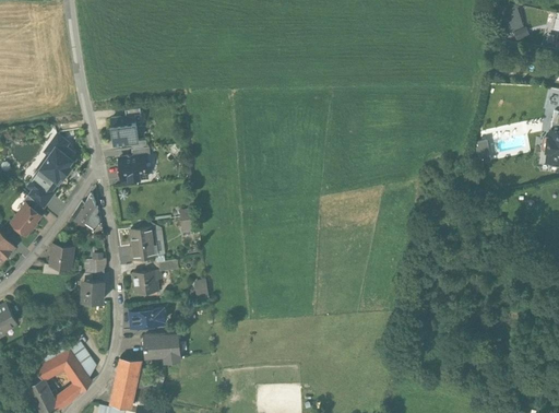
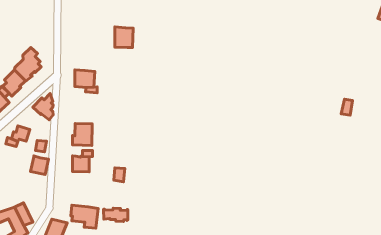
building: [110,119,138,148] -> [115,27,133,47]
building: [131,308,165,326] -> [104,208,128,222]

